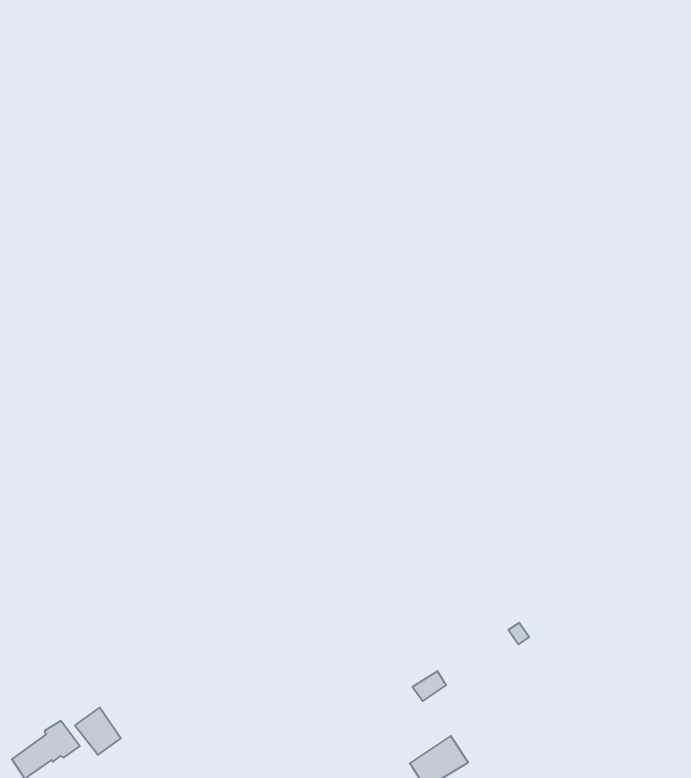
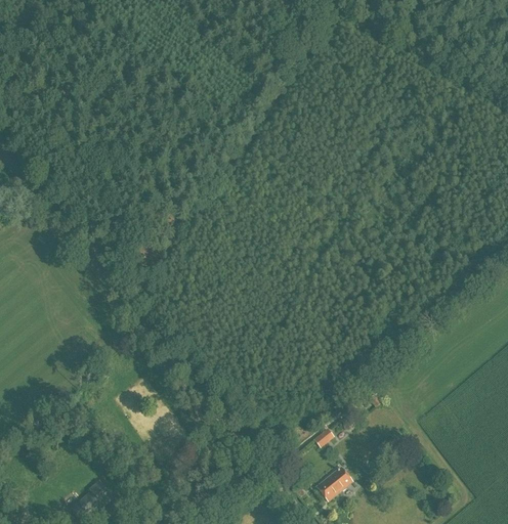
building: [75,708,121,755] -> none

